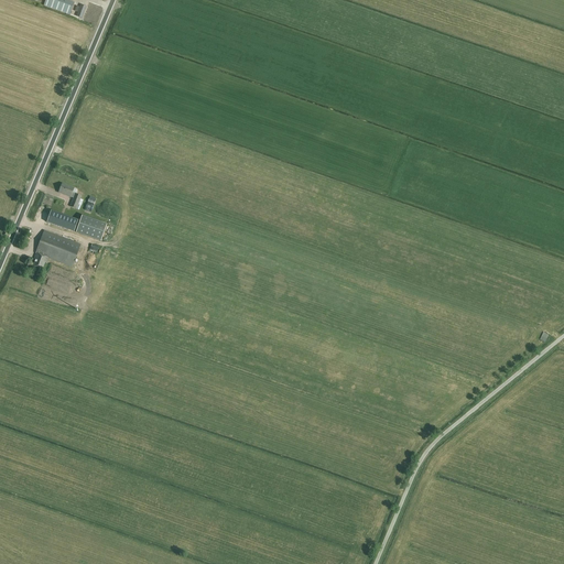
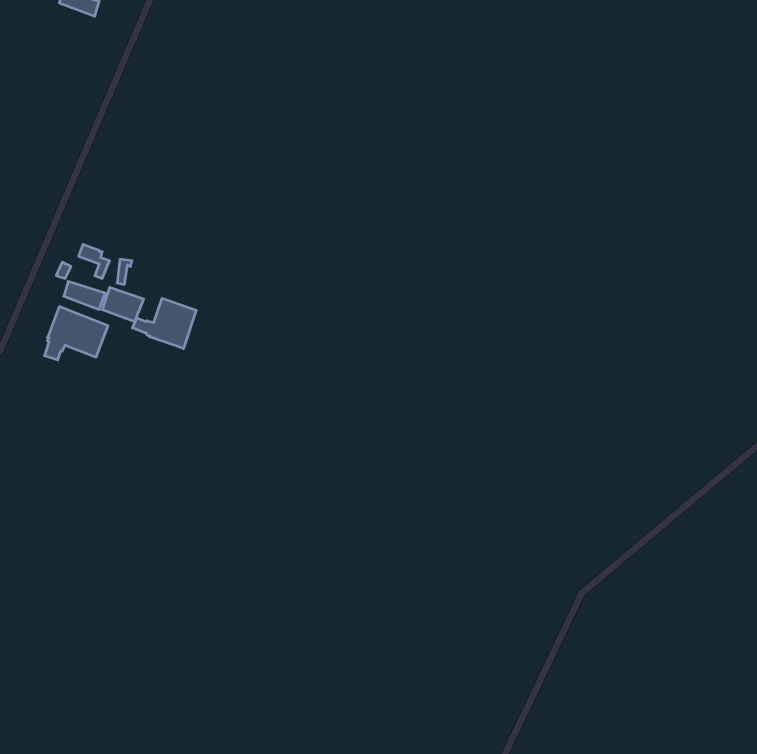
building: none -> [132,298,196,349]

